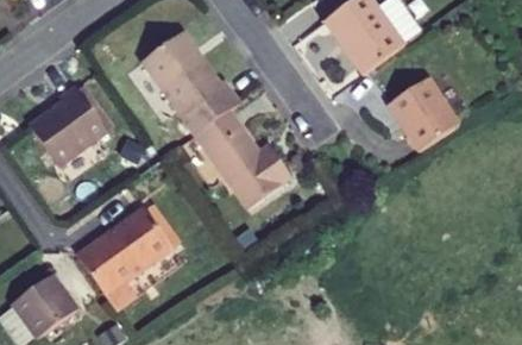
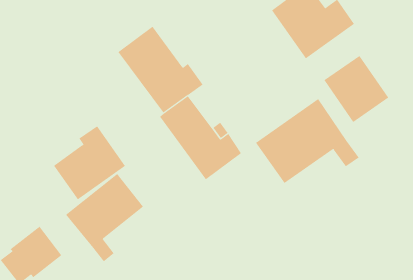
building: [31,81,117,169] -> [53,125,126,200]
building: none -> [255,98,359,184]

